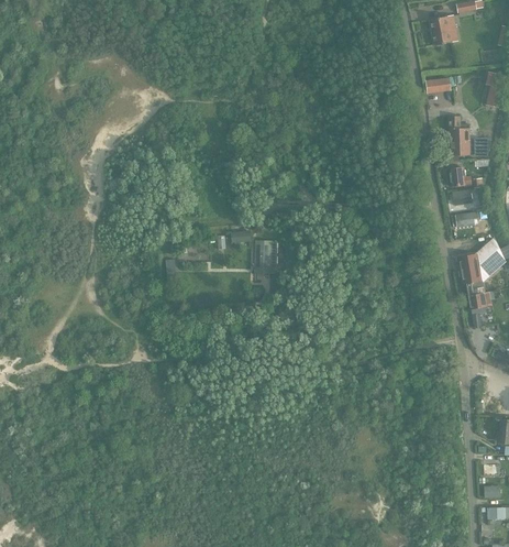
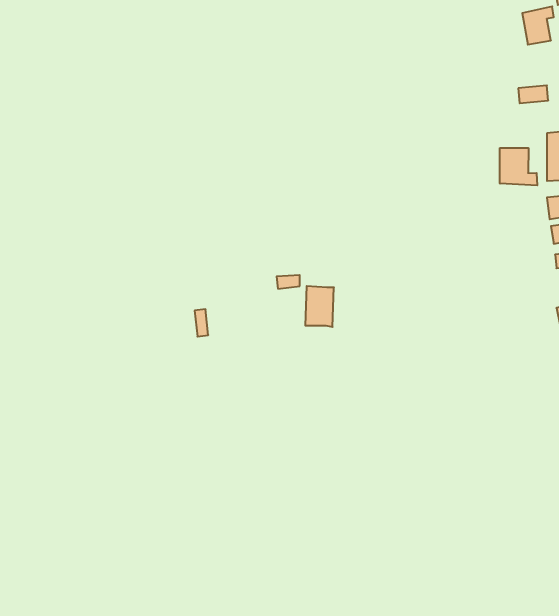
building: none -> [500,148,537,185]

